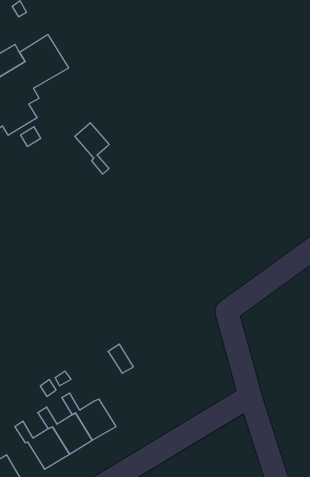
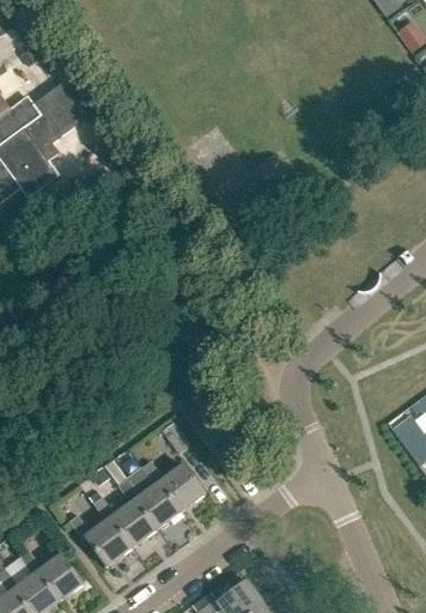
building: [75,123,109,174] -> none
building: none -> [140,460,203,511]

